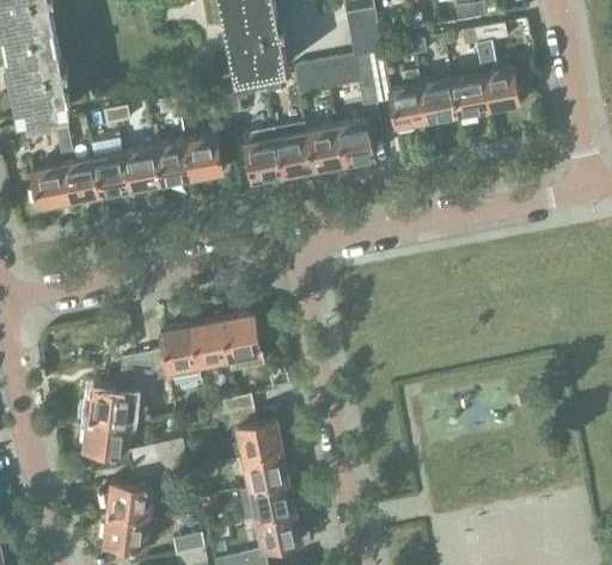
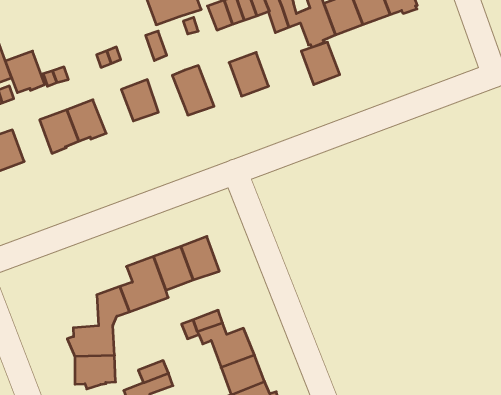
building: [337,122,374,165] -> [301,42,340,85]
building: [273,124,313,177] -> none
building: [153,142,192,186] -> none
building: [61,160,99,202] -> [5,51,45,93]

